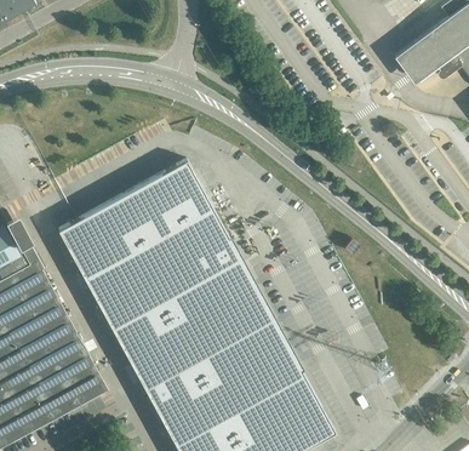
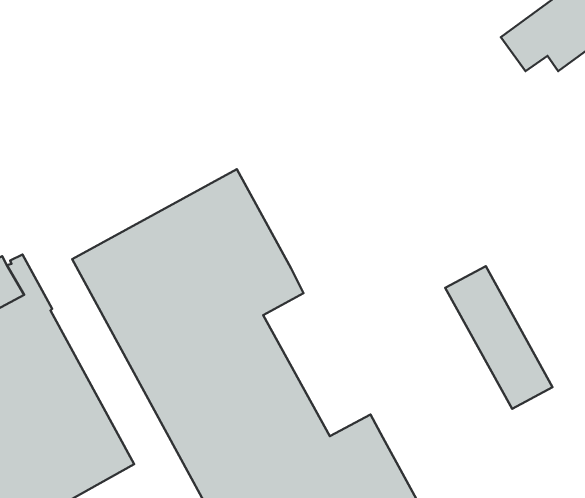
building: [207,257,291,369] -> [445,266,552,409]

